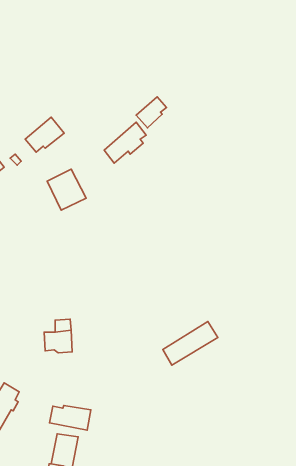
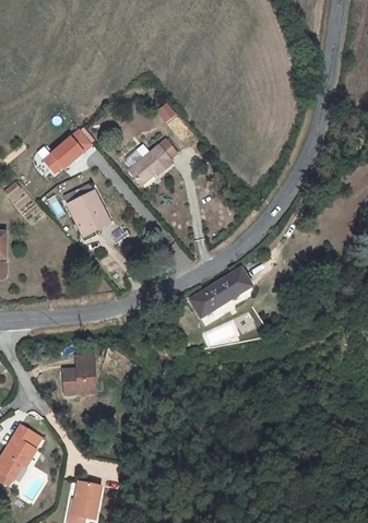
building: [136,97,166,128] -> none
building: [163,321,218,365] -> [191,269,251,317]
building: [50,405,91,430] -> none

